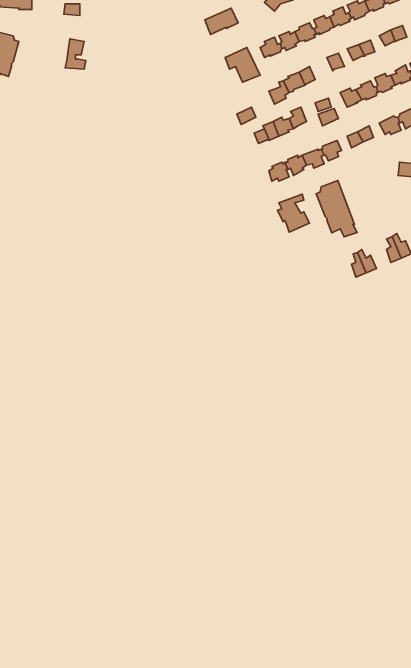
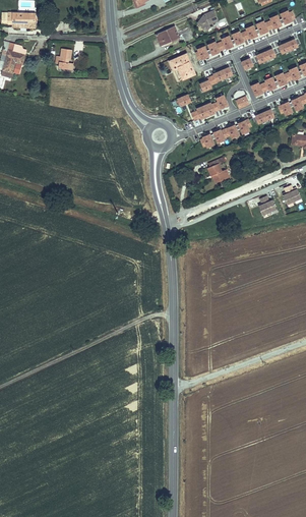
building: [316,181,357,237] -> none

